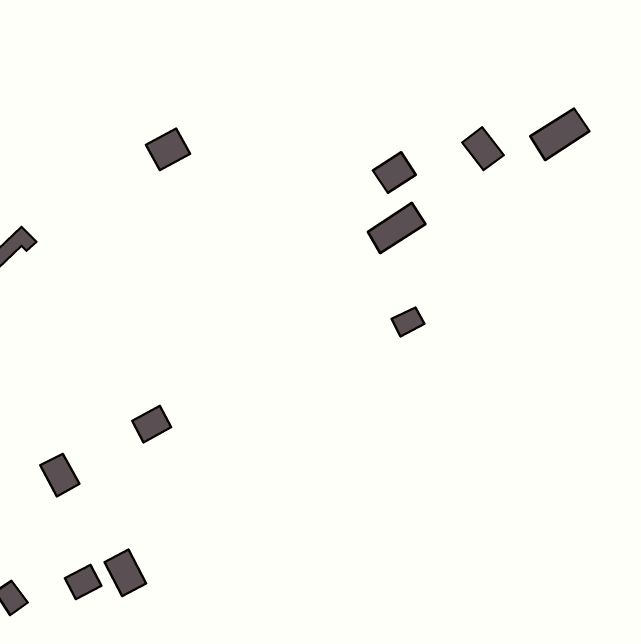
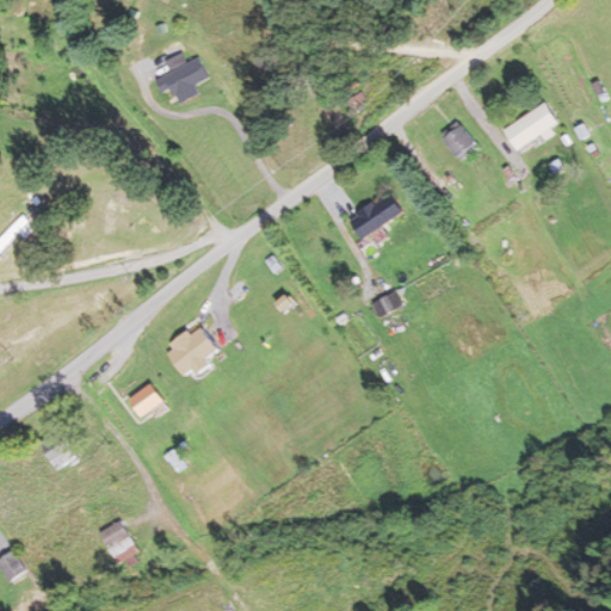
building: [146,129,190,170] -> [158,61,199,100]
building: [373,152,416,193] -> none
building: none -> [163,325,218,378]
building: [65,565,102,599] -> none

